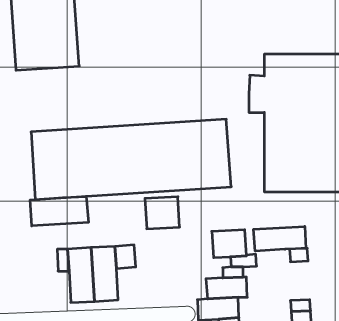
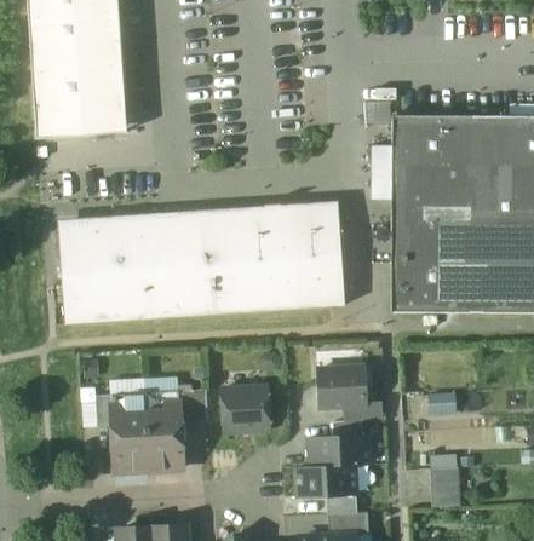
building: [30,196,88,226] -> none
building: [145,197,180,229] -> [220,385,270,431]
building: [254,226,306,251] -> none

